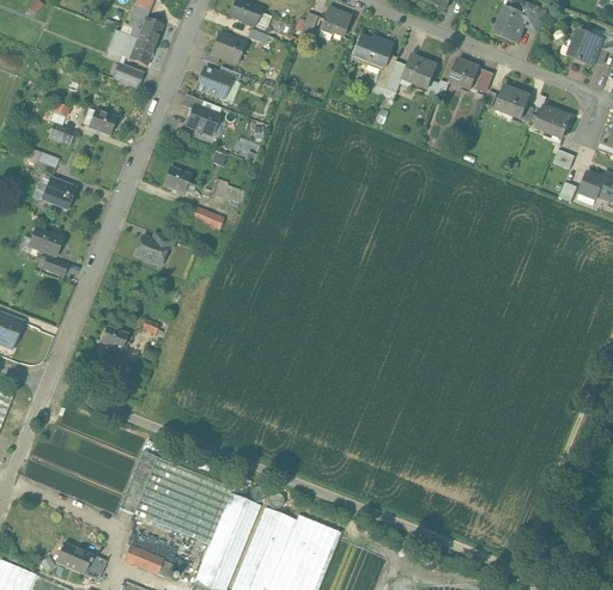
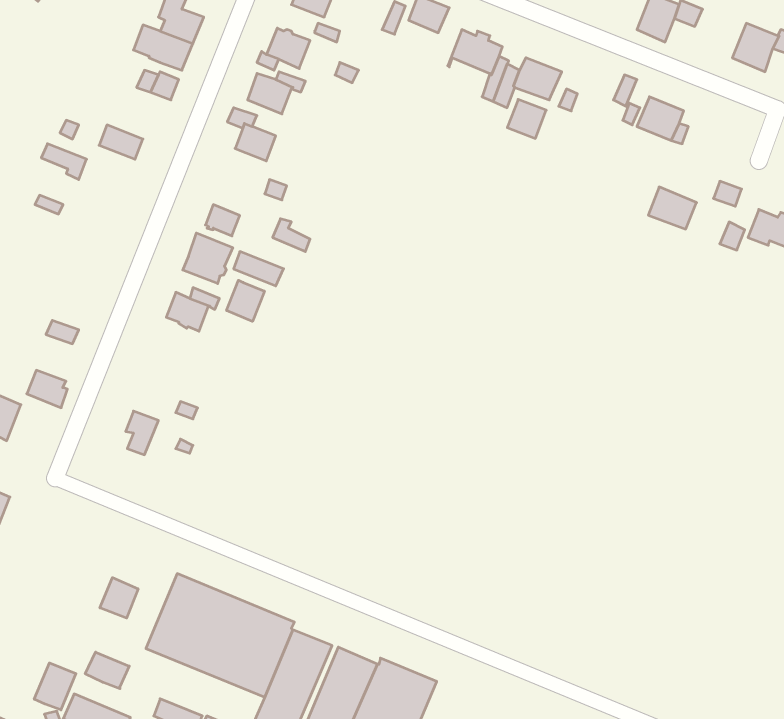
building: [449,59,479,89] -> [507,99,546,138]
building: [534,105,571,138] -> [648,187,697,229]
building: [43,177,77,208] -> none
building: none -> [183,233,233,284]
building: none -> [227,280,264,321]
building: [29,227,60,256] -> [27,370,67,408]
building: none -> [100,578,138,618]
building: none -> [85,652,129,689]
building: none -> [34,663,76,710]

